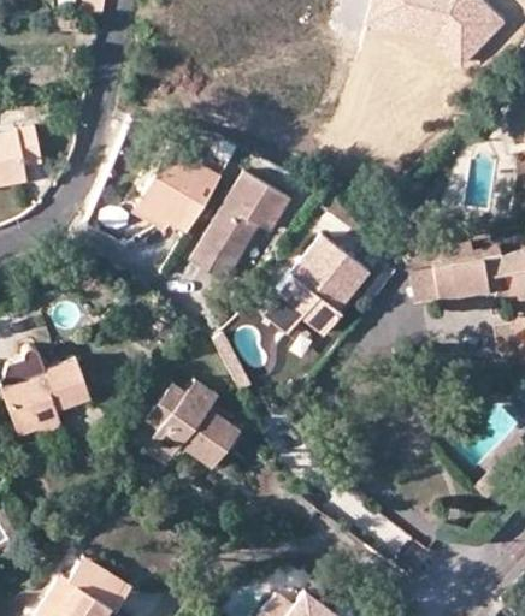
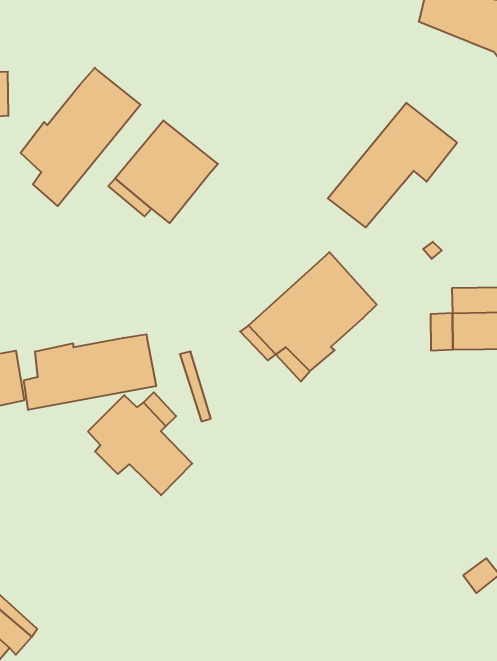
building: none -> [21,68,141,206]
building: [190,172,290,280] -> [328,103,457,227]
building: none -> [24,334,156,410]

